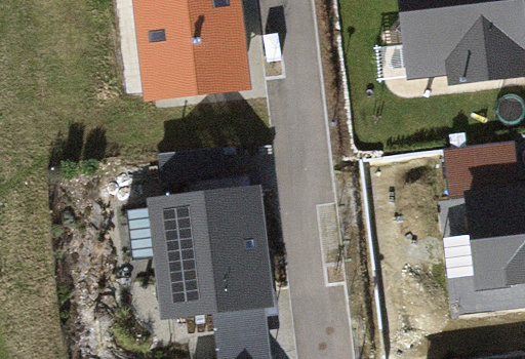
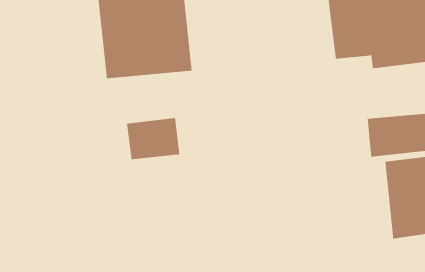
building: [153,190,270,318] -> none

